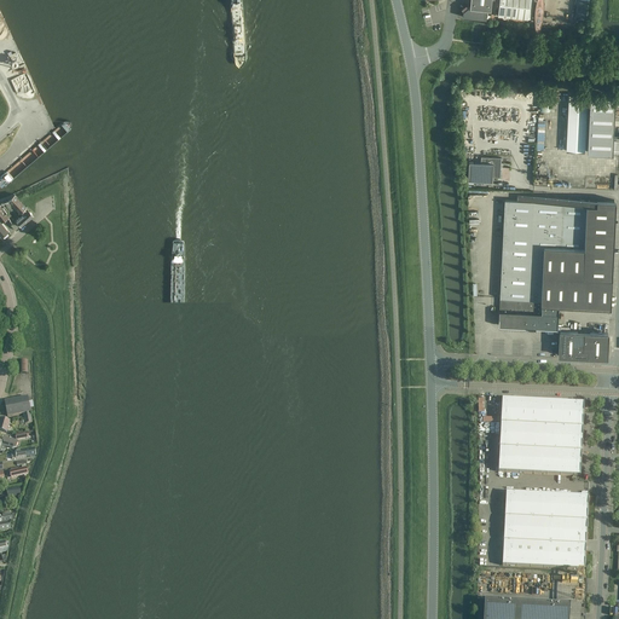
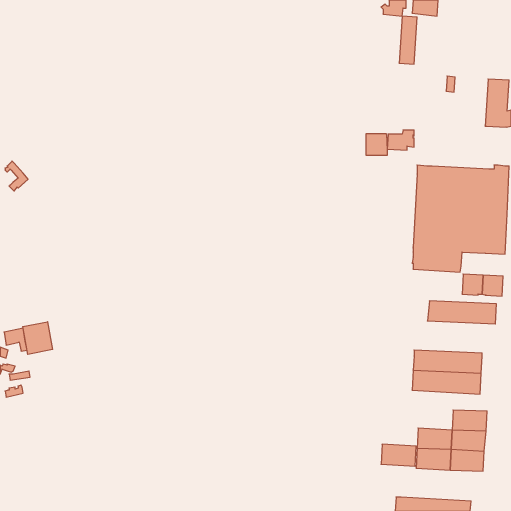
building: [566,94,588,152] -> [399,16,417,64]
building: none -> [366,134,387,155]
building: none -> [23,322,53,354]
building: [501,399,584,427] -> [427,301,496,324]
building: [505,493,548,520] -> [381,444,416,466]

